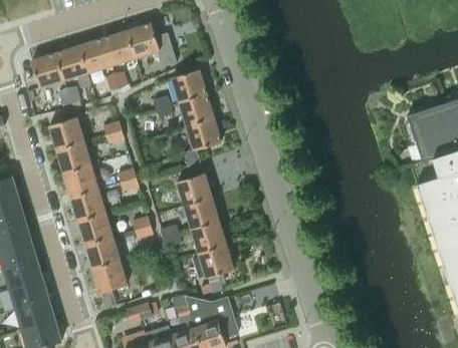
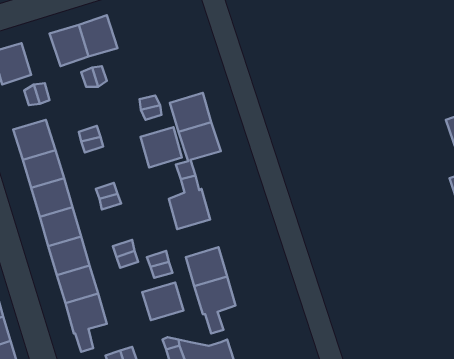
building: [127,23,176,66] -> none
building: [56,45,88,79] -> none
building: [172,69,206,102] -> [141,127,182,167]
building: [185,199,219,230] -> [142,282,184,320]

